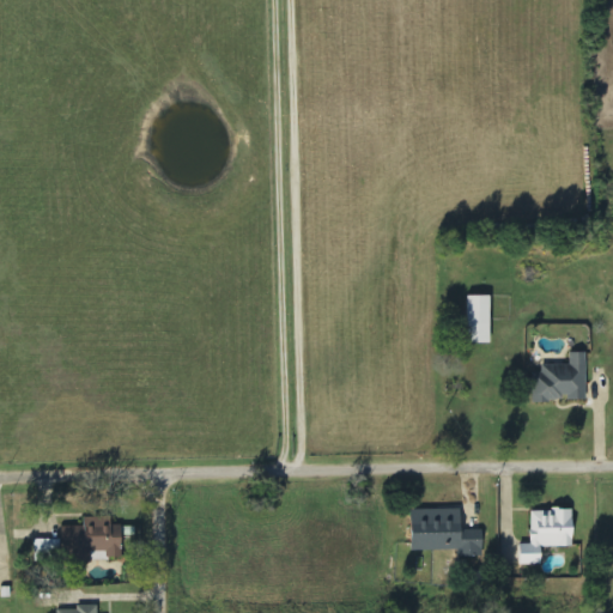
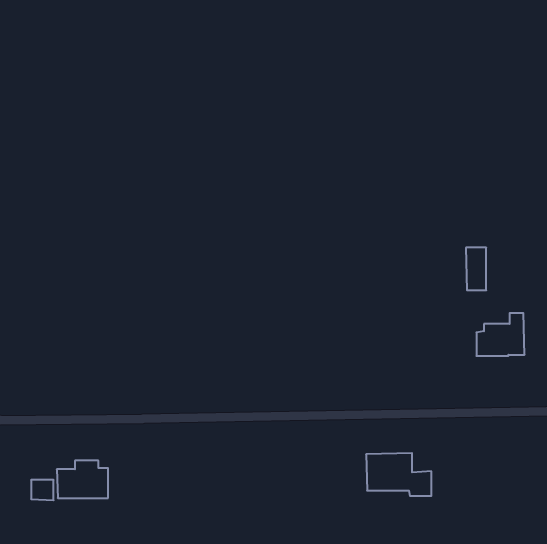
building: [467,293,490,341] -> [466,248,486,290]
building: [520,508,573,564] -> none

